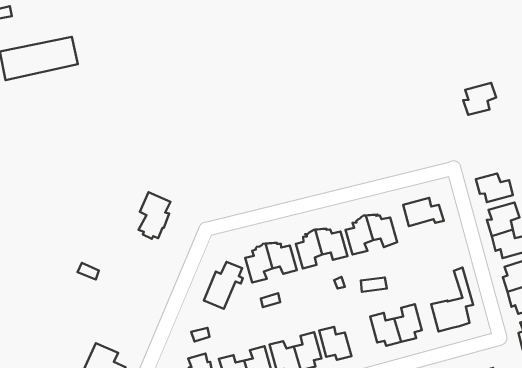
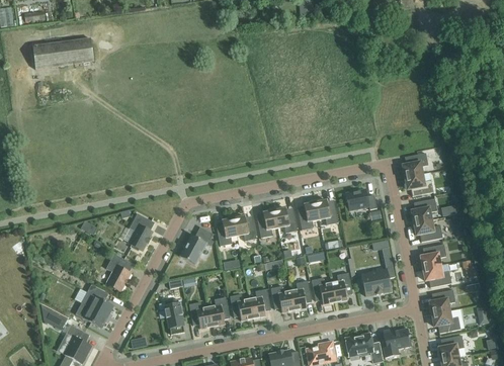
building: [463,83,496,115] -> [402,152,428,176]
building: [139,192,171,239] -> [128,212,155,250]
building: none -> [106,253,134,290]
building: none -> [290,280,312,309]

